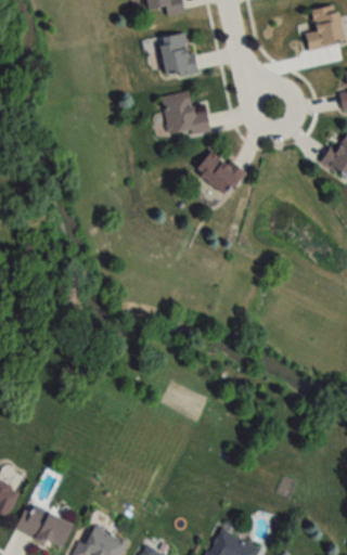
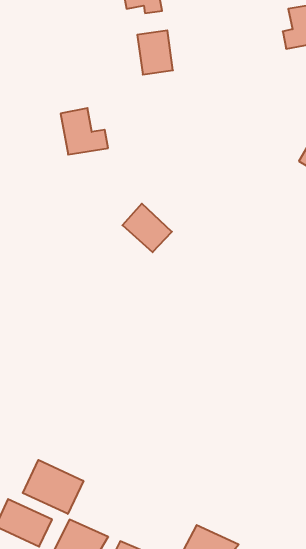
building: [162,91,209,138] -> [61,108,108,155]
building: [194,149,244,197] -> [122,204,172,252]
building: none -> [23,460,83,514]

